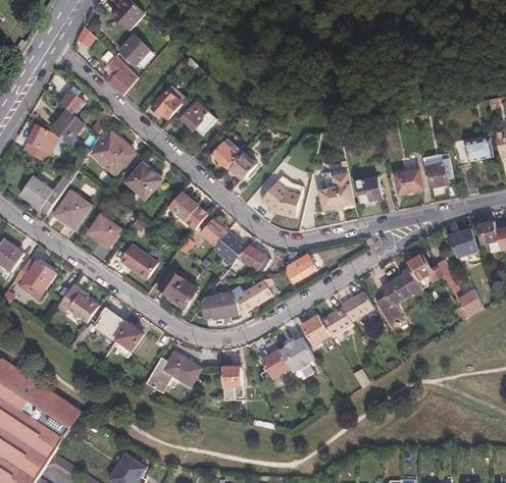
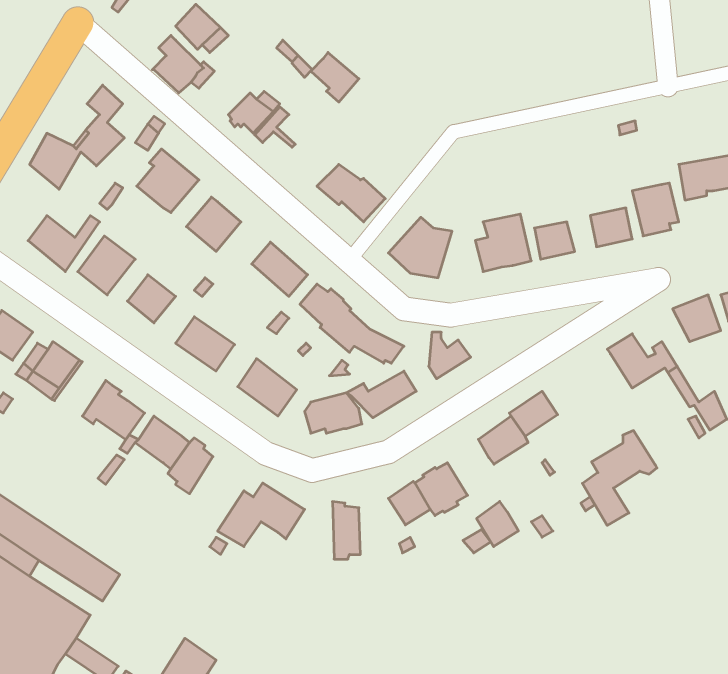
building: [186,105,217,138] -> [311,52,359,102]
building: [371,266,420,328] -> [582,431,657,525]
building: [298,315,325,344] -> [477,501,518,547]

